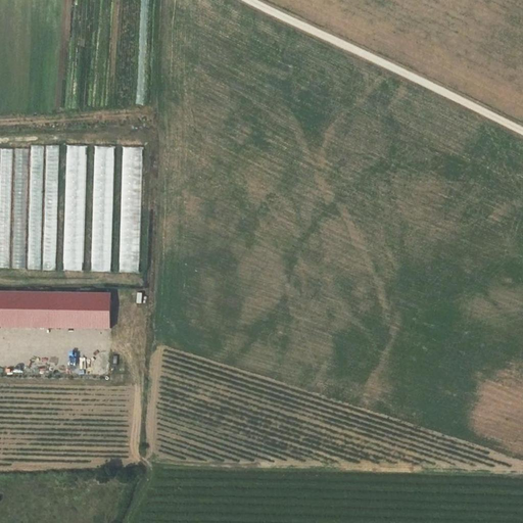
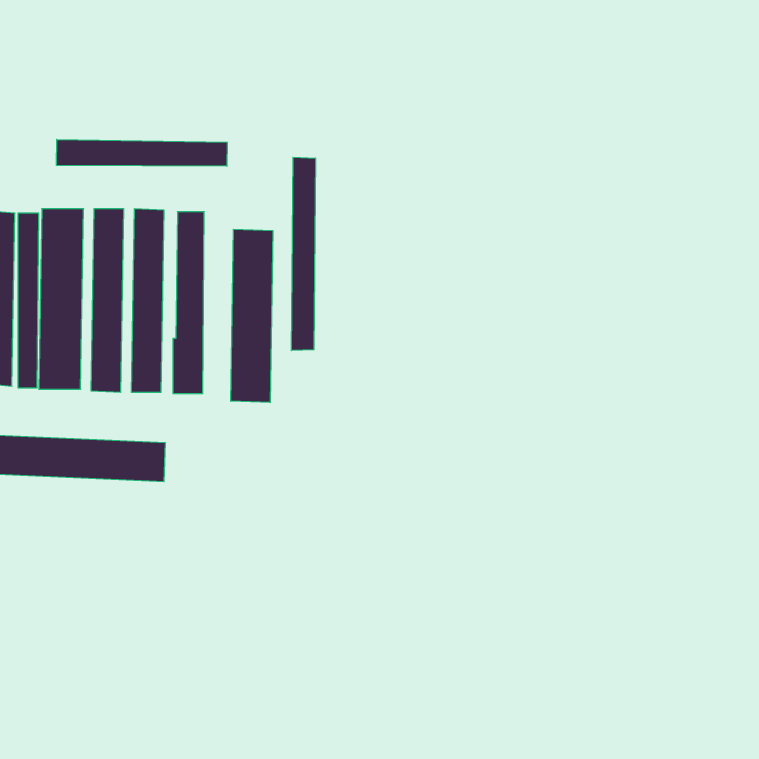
building: none -> [56,139,227,166]
building: none -> [291,157,315,351]
building: none -> [231,229,273,403]

